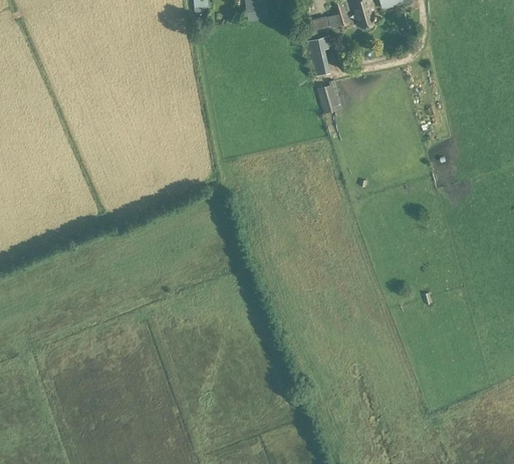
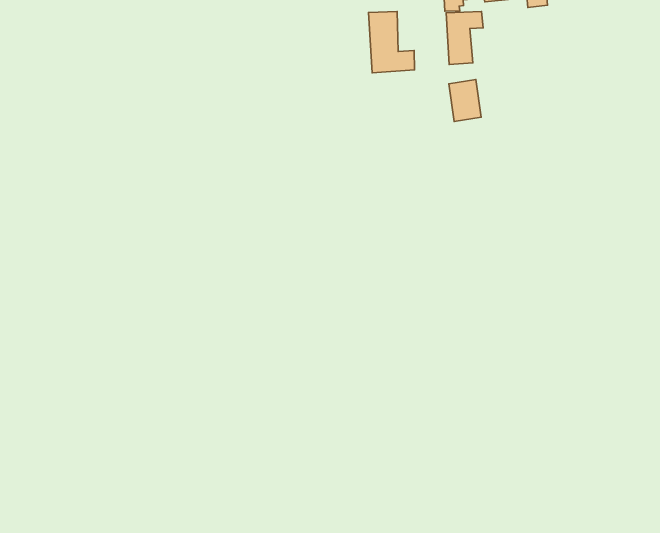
building: none -> [369,11,414,73]

